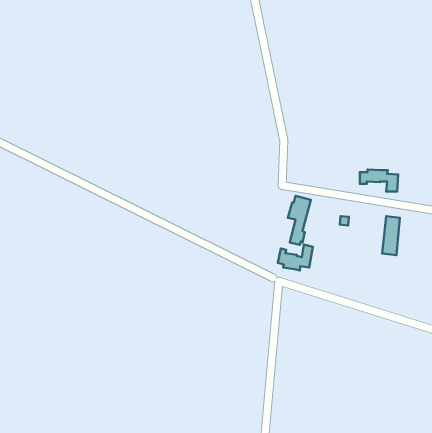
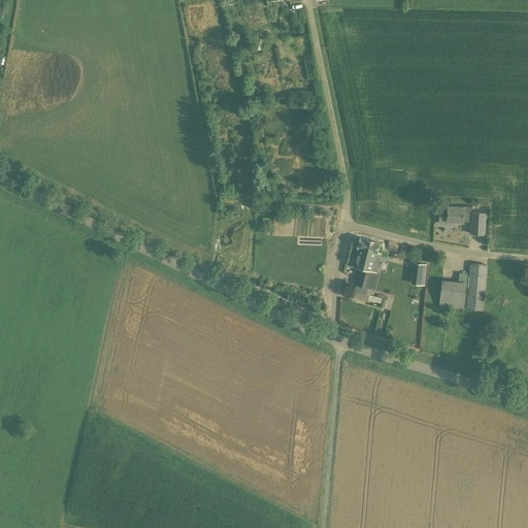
building: none -> [440,279,467,308]
building: [278,245,313,271] -> none

